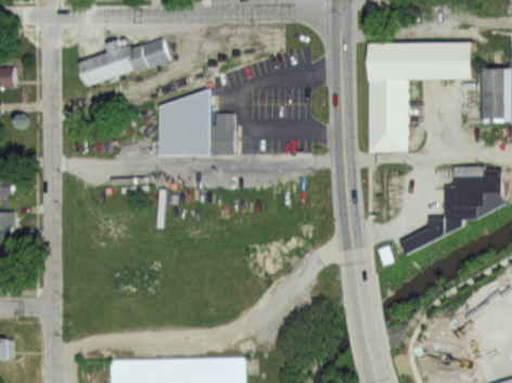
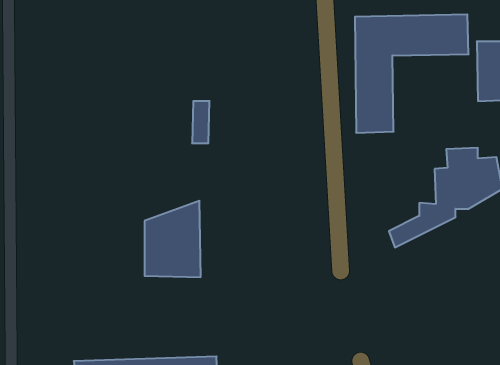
building: [77,31,169,87] -> none
building: [159,85,212,155] -> [145,201,201,277]

